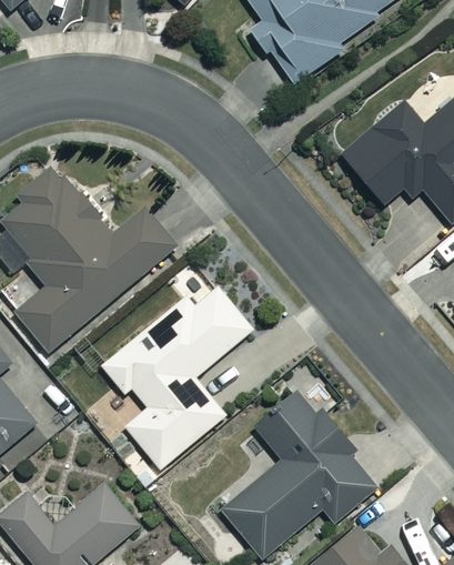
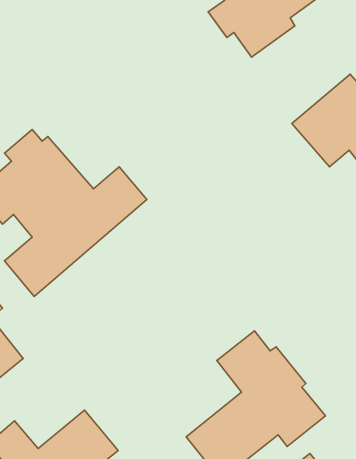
building: [102,286,254,468] -> none

